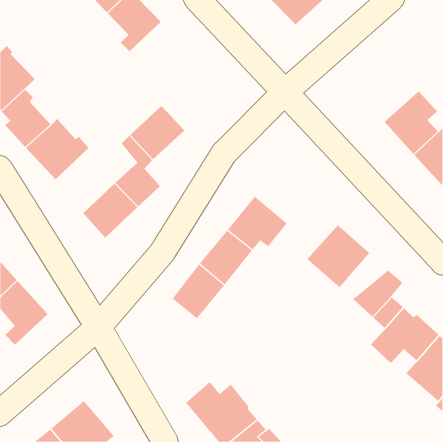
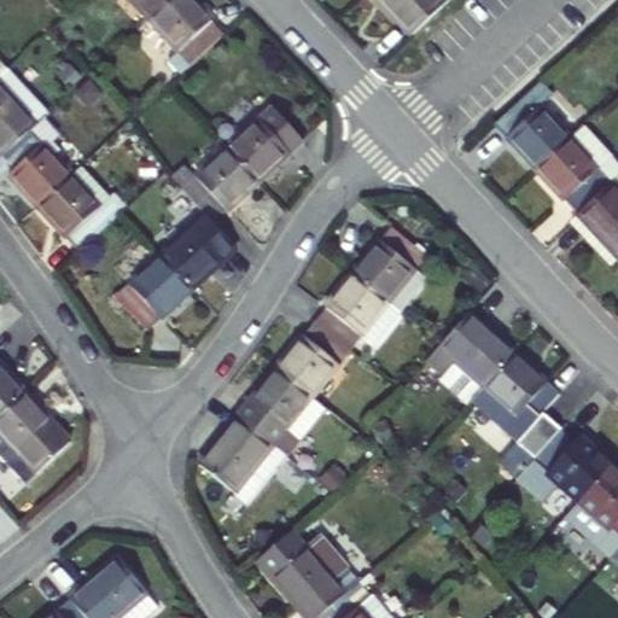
building: none -> [491,82,569,169]
building: none -> [225,104,302,181]
building: none -> [354,225,427,310]
building: none -> [472,351,540,415]
building: none -> [199,414,287,502]

